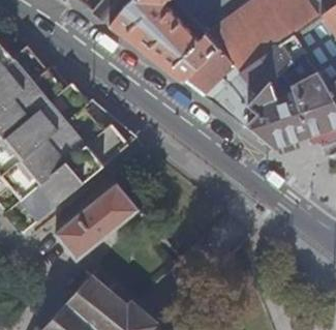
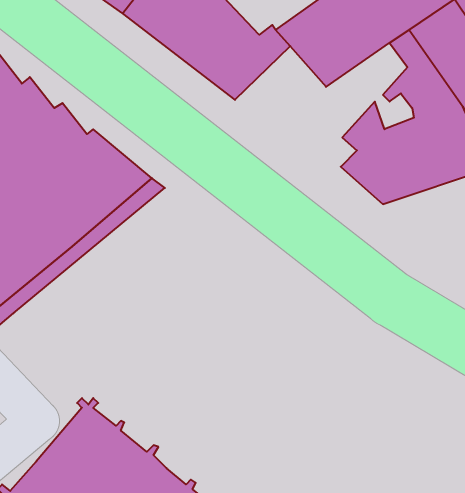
building: [182,43,292,127] -> none
building: [54,181,139,258] -> none

